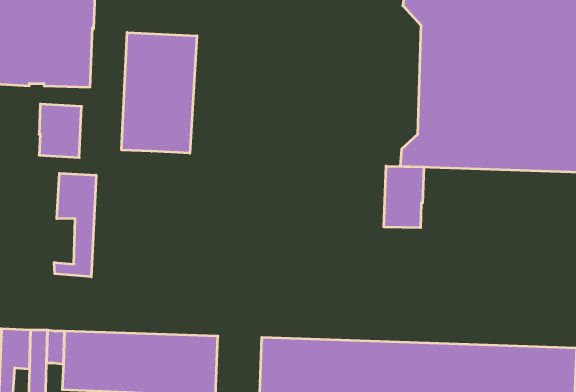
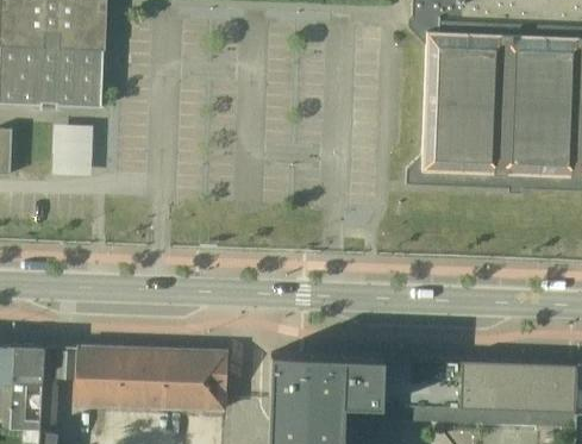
building: [122,32,197,153] -> none
building: [384,166,424,228] -> none
building: [54,173,96,277] -> none

